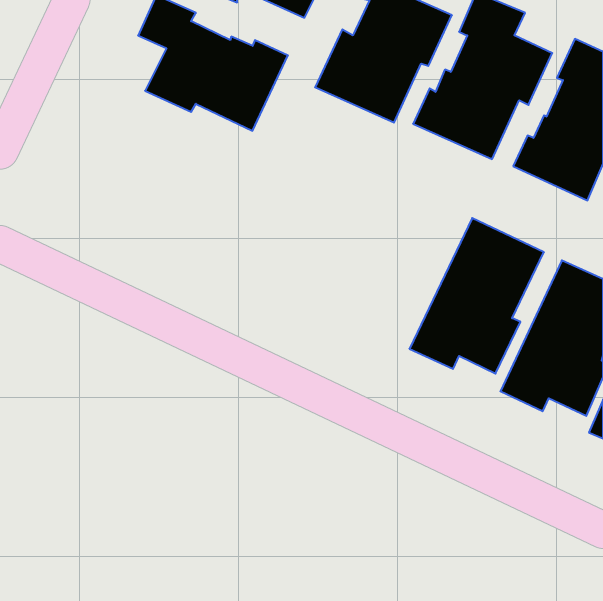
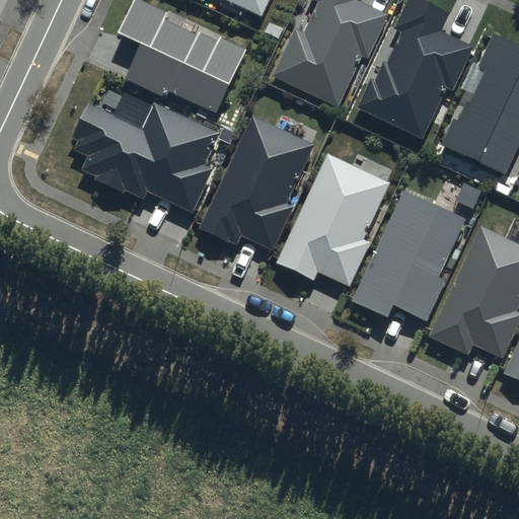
building: none -> [72,101,221,211]
building: none -> [200,116,315,249]
building: none -> [275,152,389,286]

